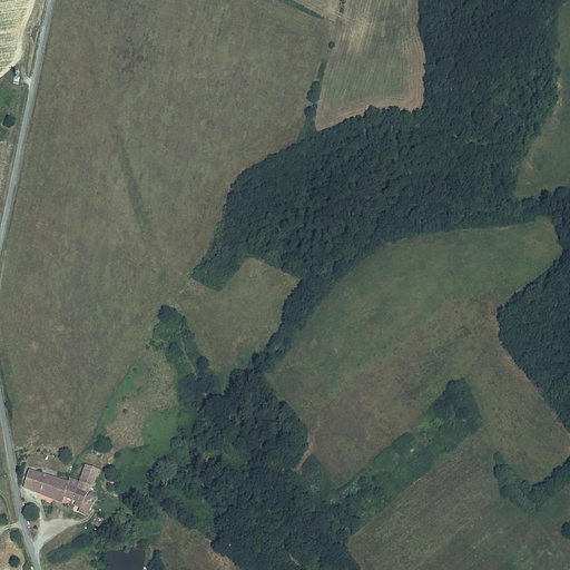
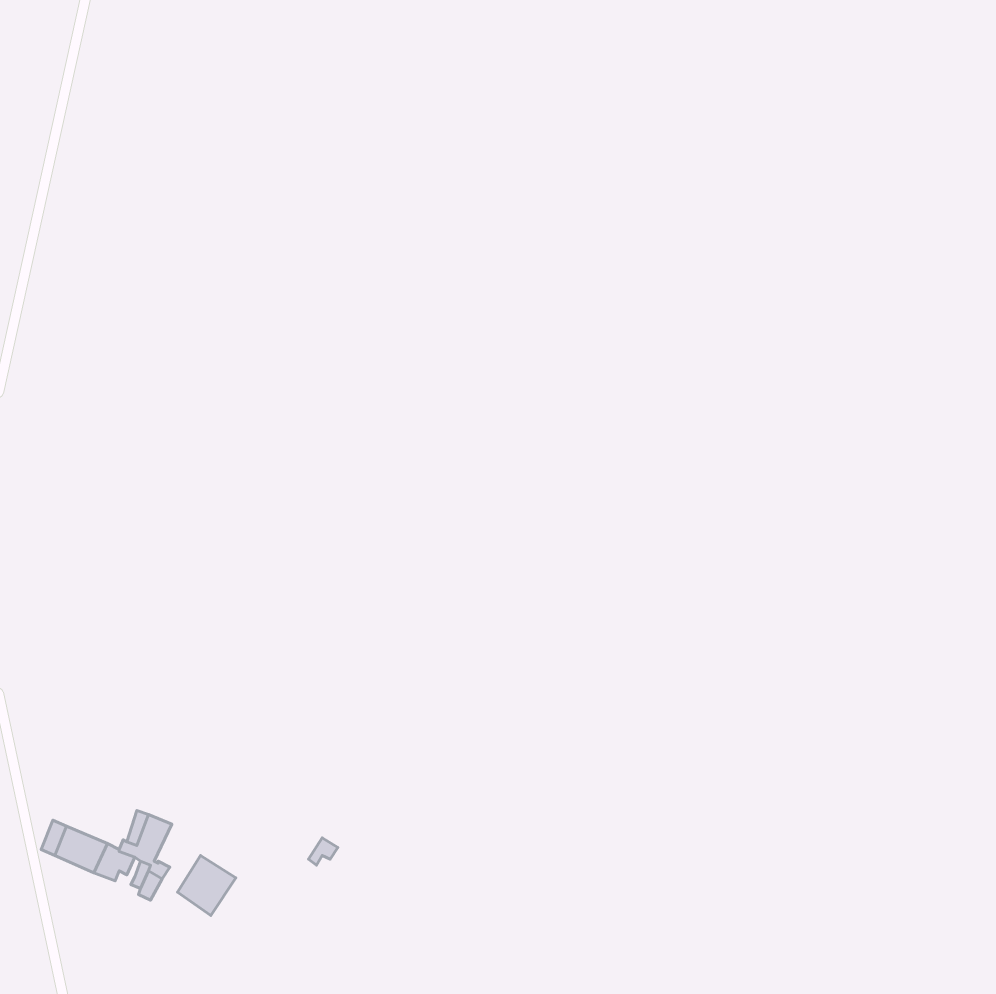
building: none -> [177,856,236,915]

